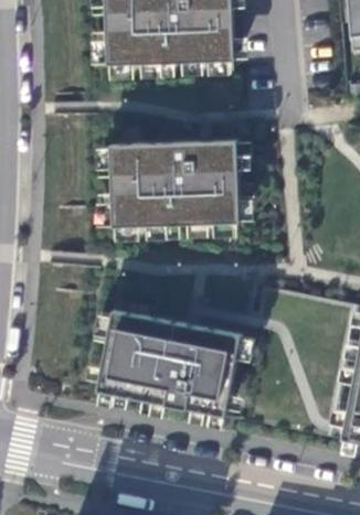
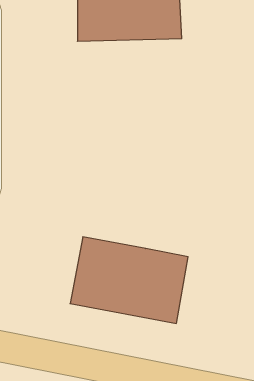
building: [114,142,242,225] -> none

